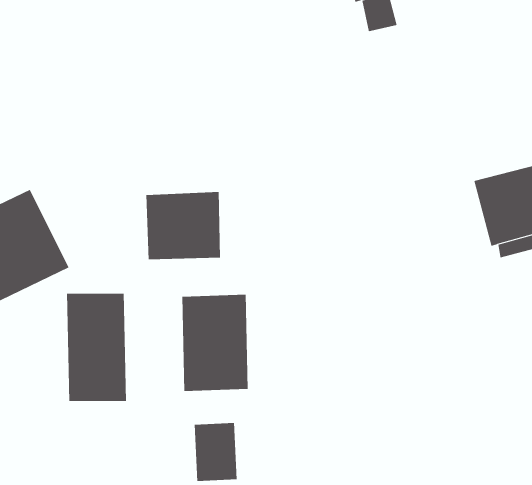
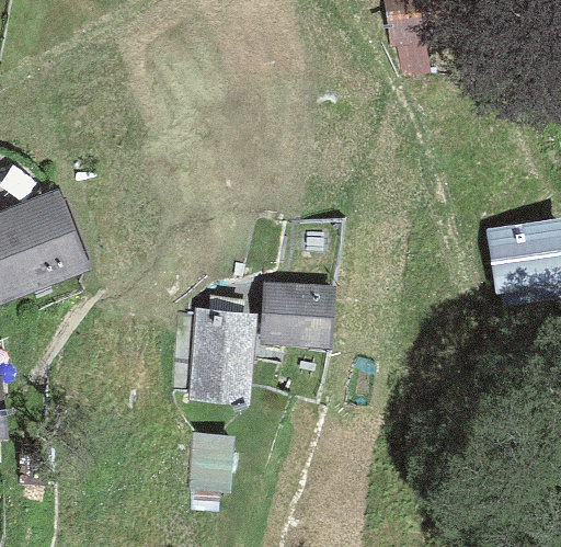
building: [145,192,221,260] -> [260,280,335,347]
building: [67,293,126,402] -> none

